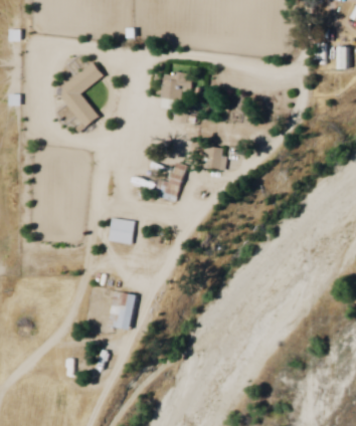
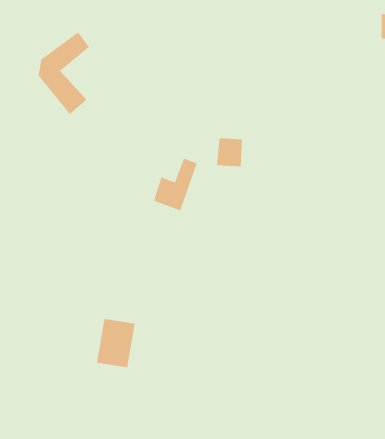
building: [160,70,196,99] -> none
building: [108,217,134,242] -> none

